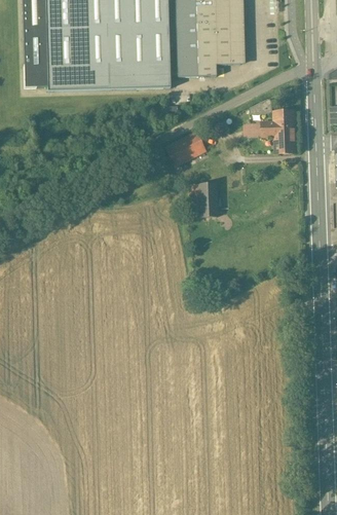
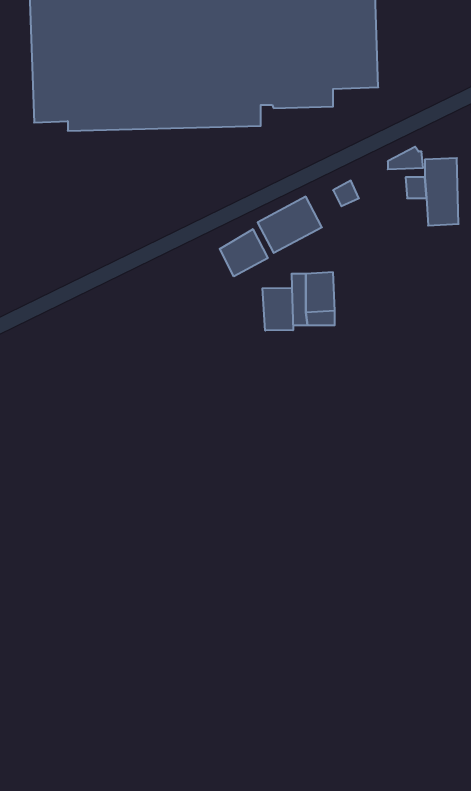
building: none -> [220,229,268,276]
building: none -> [262,288,293,331]

